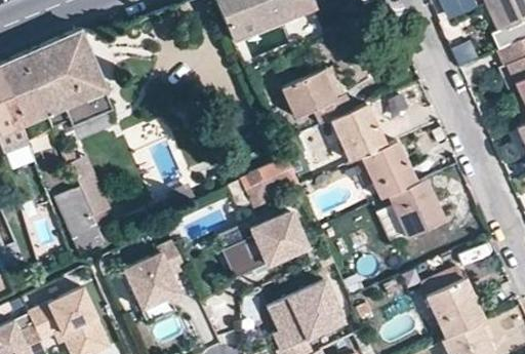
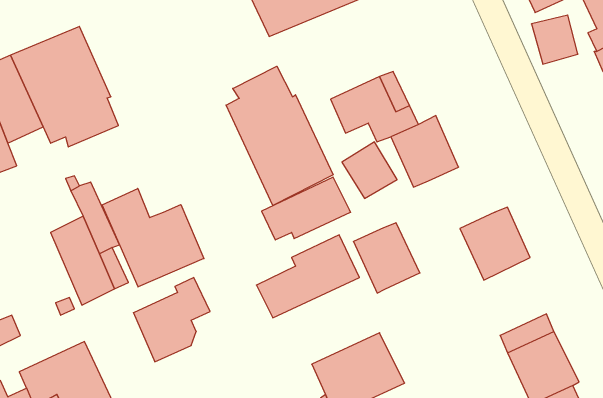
building: none -> [226,66,333,206]
building: [363,142,417,199] -> [353,223,420,293]
building: none -> [102,188,204,287]

